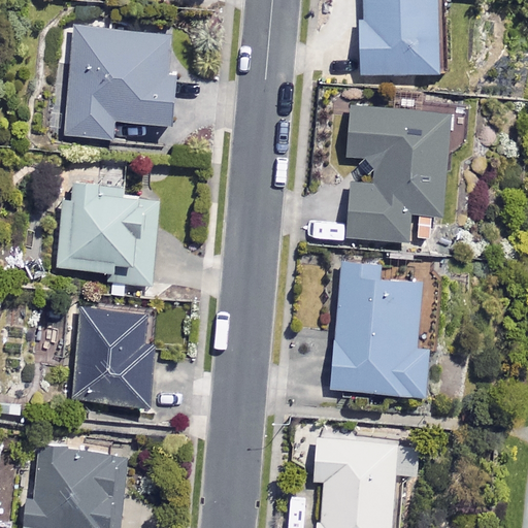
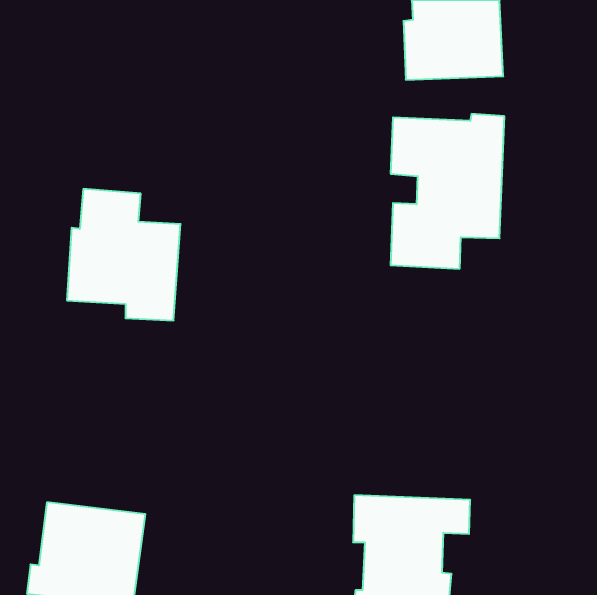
building: [68,28,173,140] -> none
building: [333,262,426,394] -> none
building: [73,307,153,404] -> none

